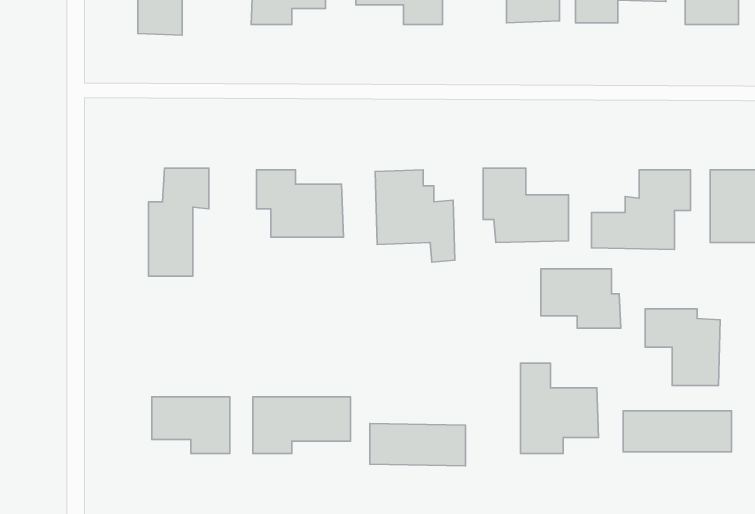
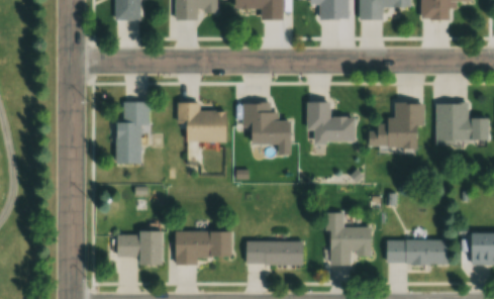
building: [541,269,621,328] -> none
building: [645,309,720,386] -> none

